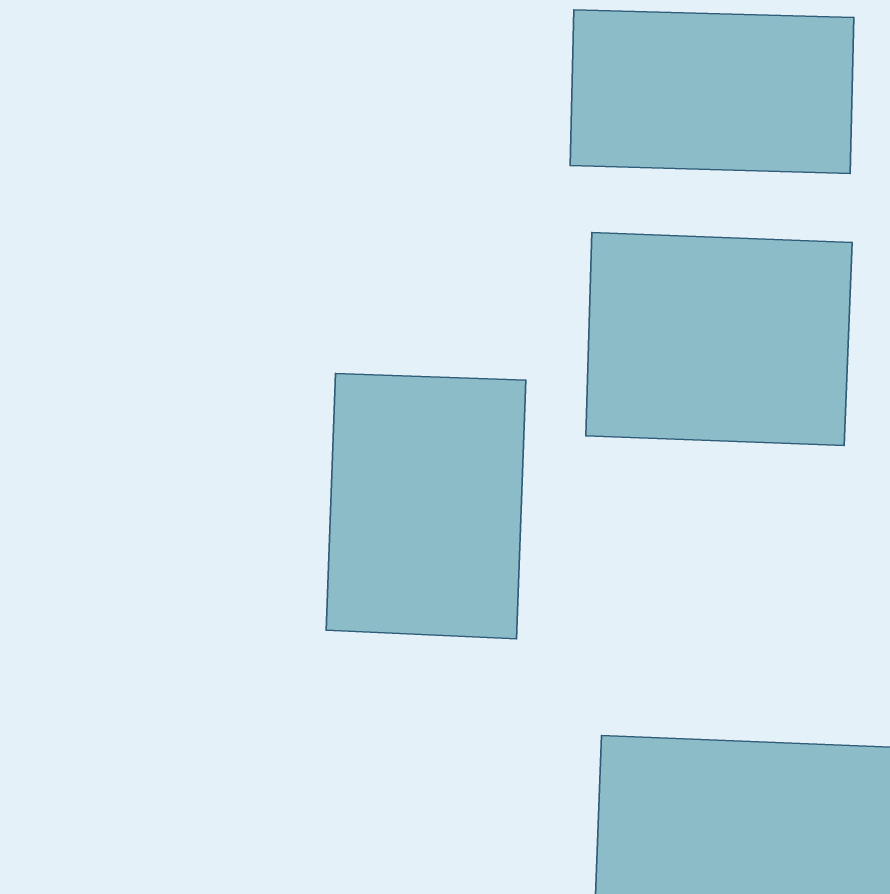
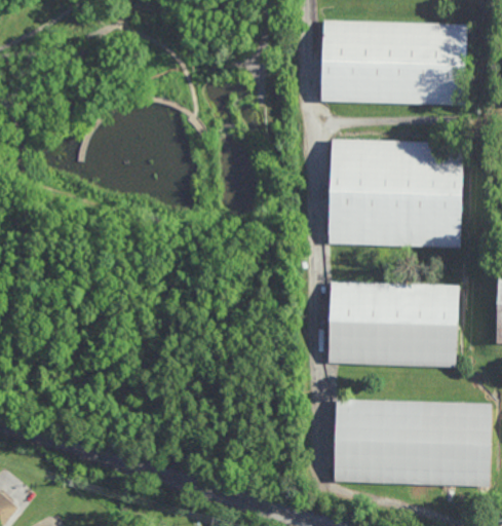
building: [326,373,526,639] -> none
building: none -> [326,280,459,370]

